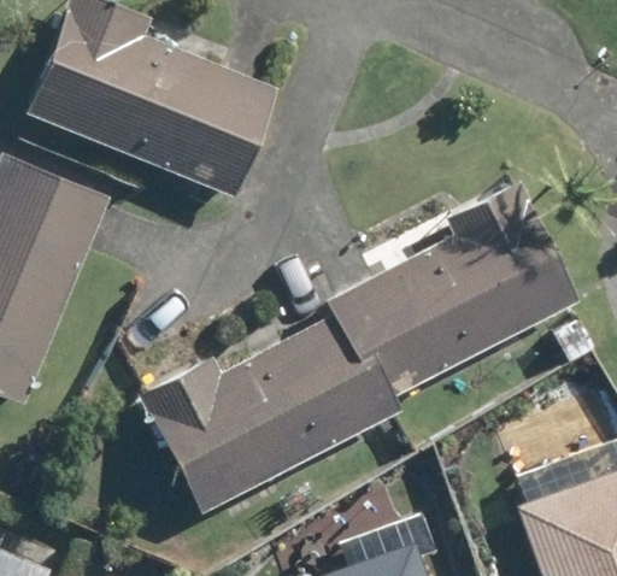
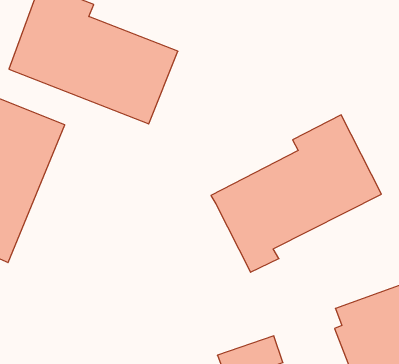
building: [140,316,384,513] -> none

